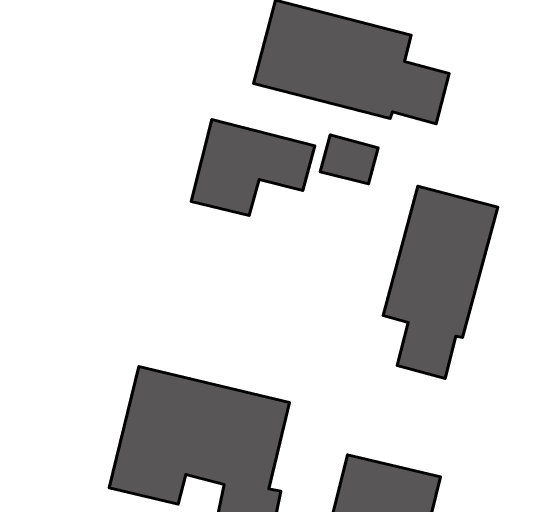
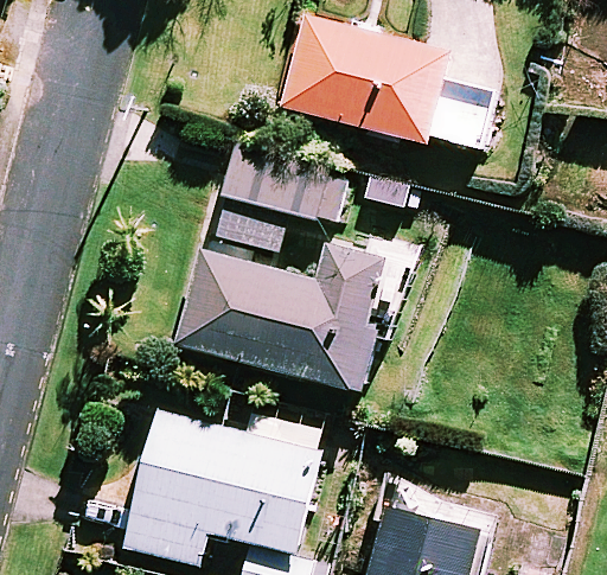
building: [383,186,498,378] -> none
building: none -> [172,242,388,394]

